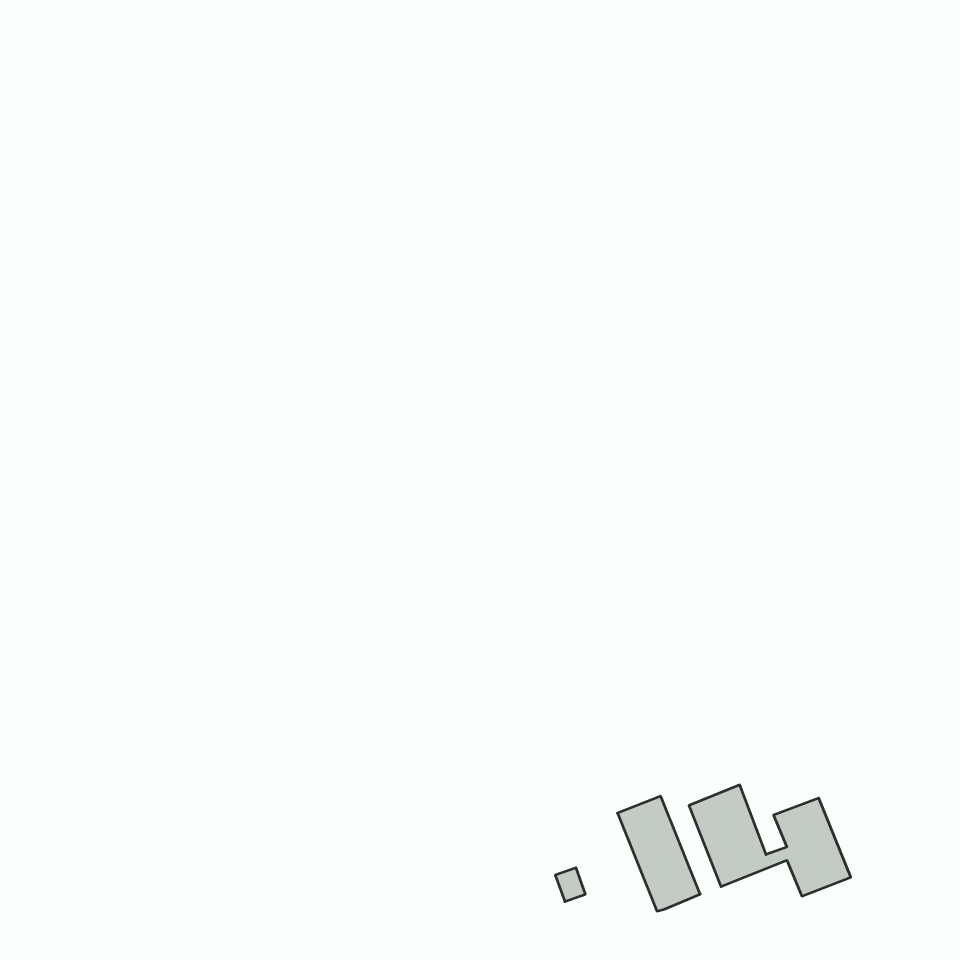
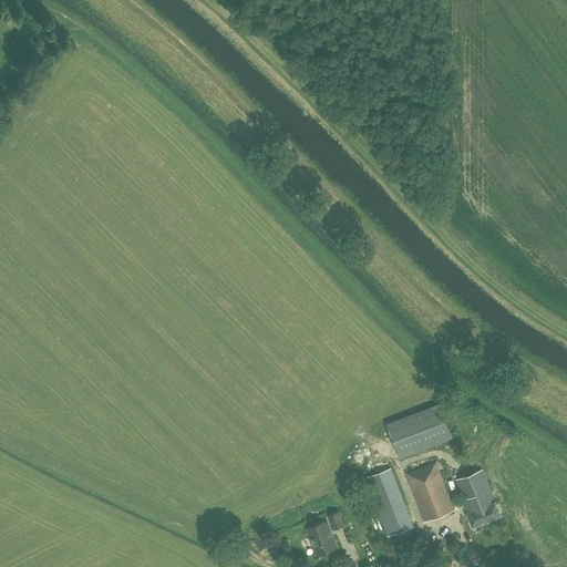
building: none -> [384,404,451,460]
building: none -> [306,522,337,556]

